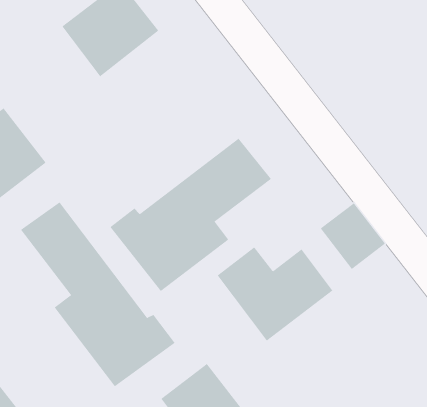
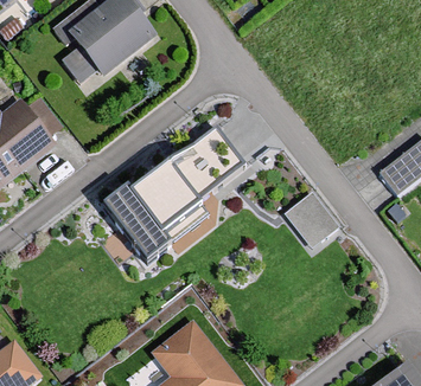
building: [20,202,175,387] -> none
building: [217,246,333,342] -> none

